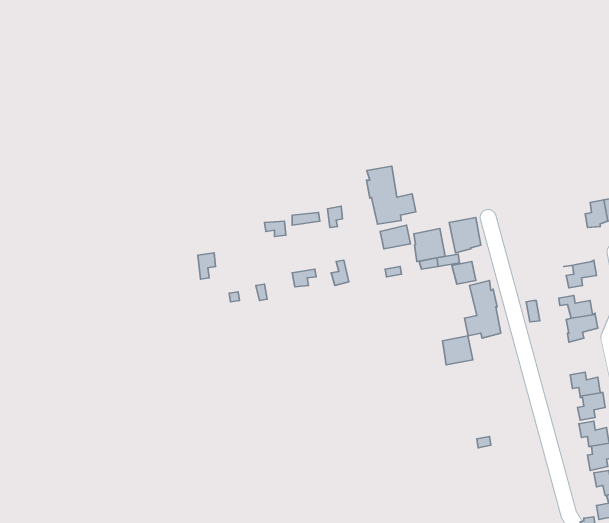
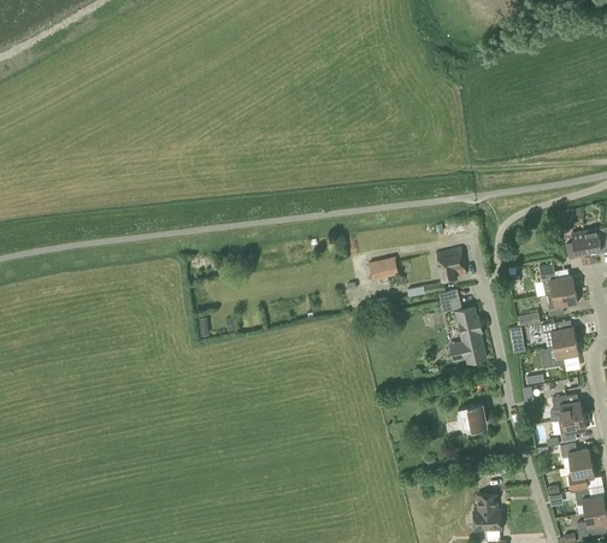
building: [366,166,416,224] -> none
building: [414,228,445,261] -> none
building: none -> [535,270,572,295]
building: [443,336,473,365] -> [459,403,488,431]
building: none -> [473,495,501,530]

